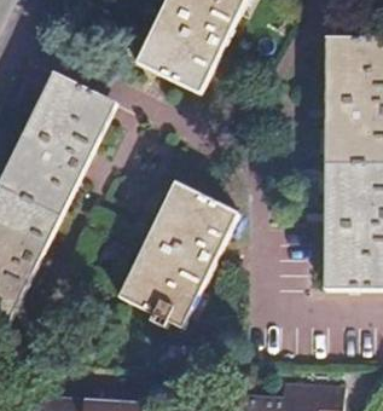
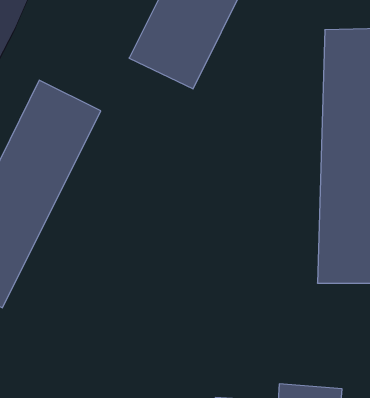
building: [117,184,233,325] -> none

